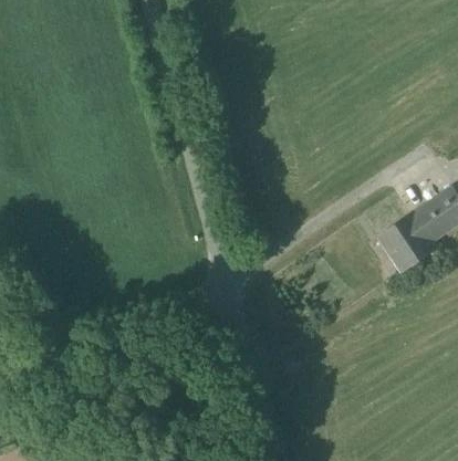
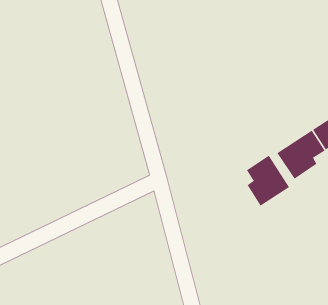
building: none -> [246,155,290,206]

